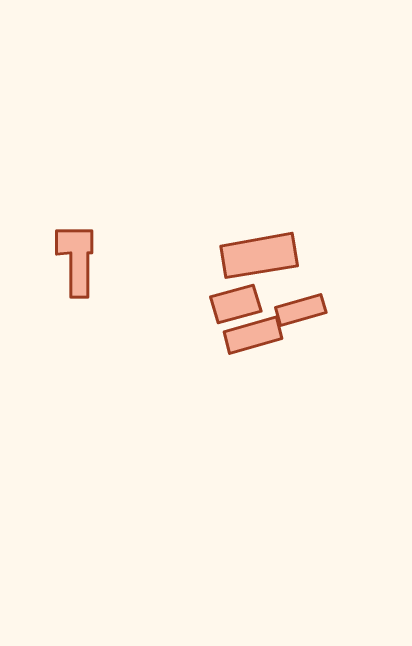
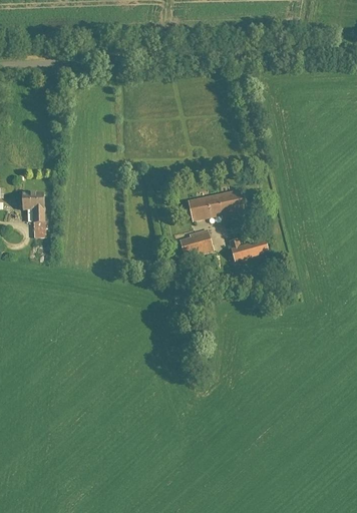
building: [57,231,92,297] -> [22,191,49,242]
building: [224,317,282,353] -> none

